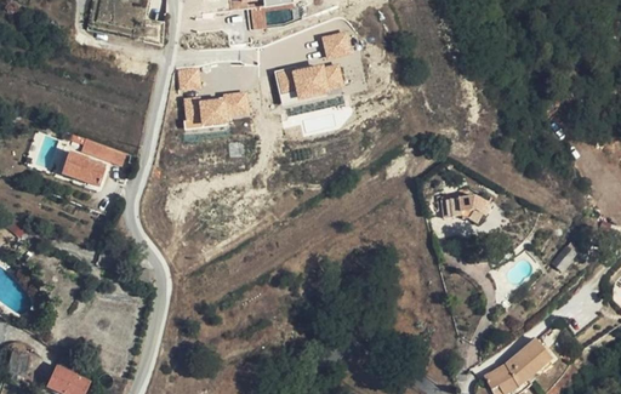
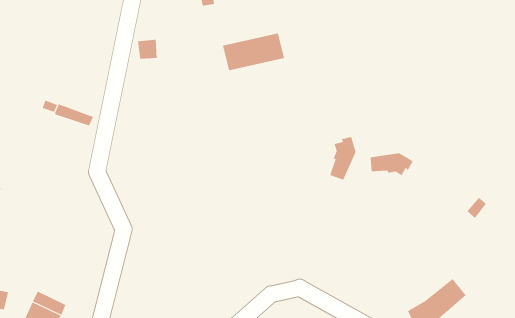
building: [320,30,351,58] -> none
building: [181,93,249,127] -> none
building: [61,152,106,187] -> none
building: none -> [329,136,356,181]

